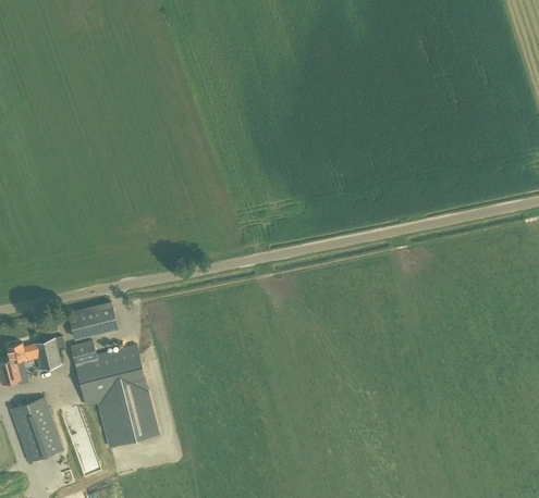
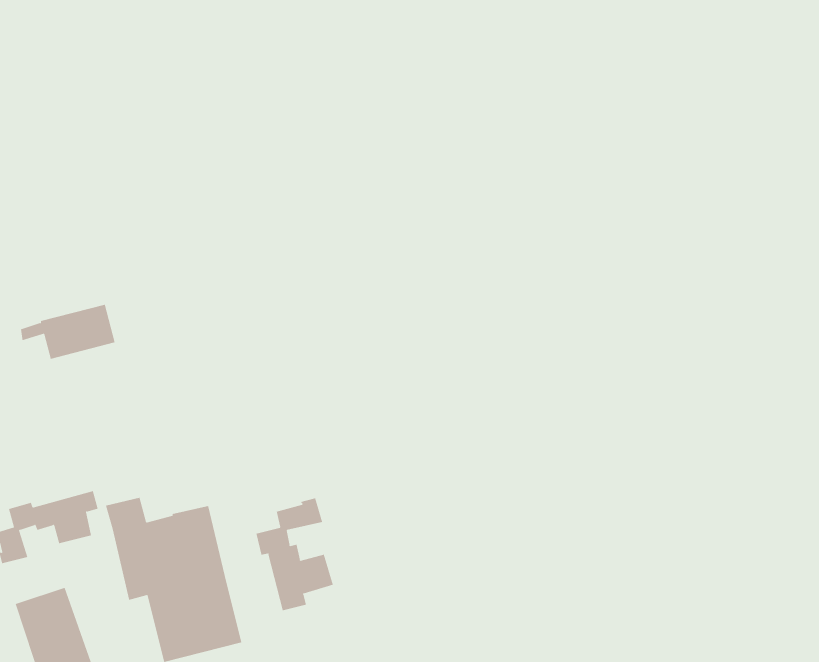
building: [56,302,118,338] -> [20,304,115,359]
building: none -> [256,498,334,611]

